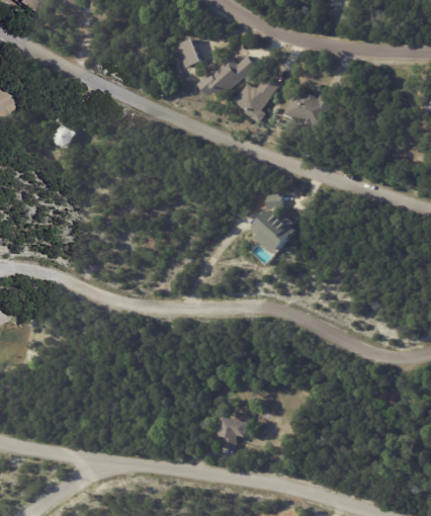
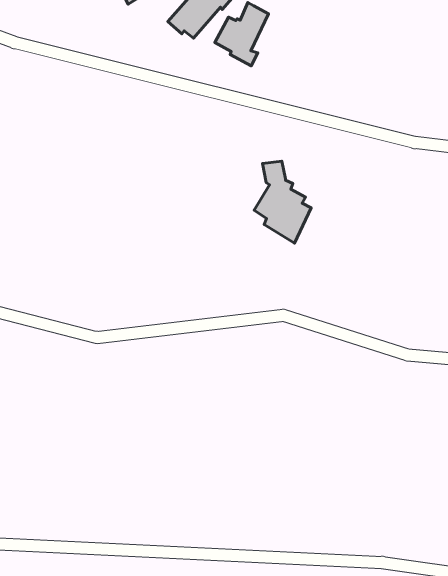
building: [286,87,330,125] -> none
building: [220,417,255,450] -> none

